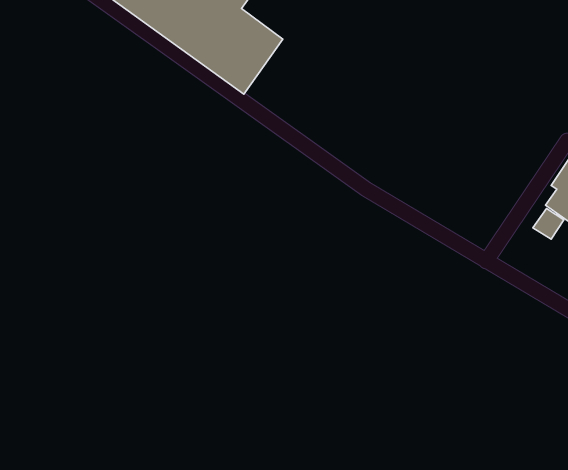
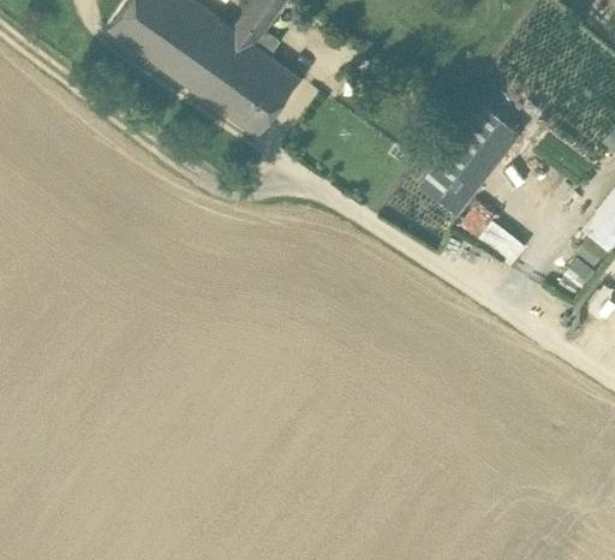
building: none -> [420,105,520,214]
building: none -> [466,209,515,254]

